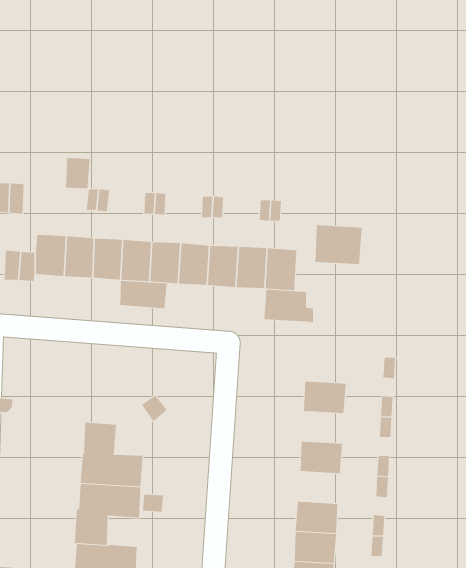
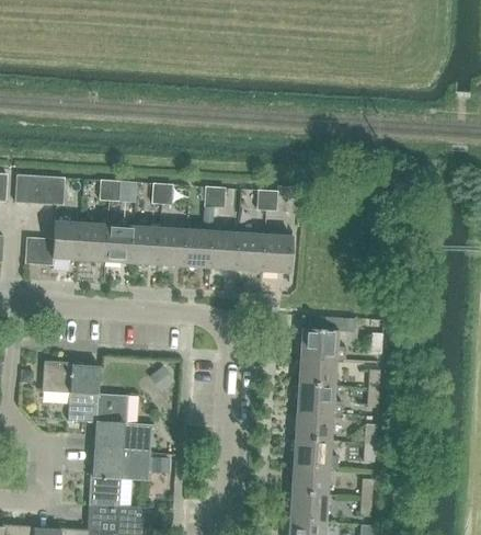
building: [65,158,91,189] -> [43,175,66,204]
building: [315,224,362,265] -> none
building: [120,280,167,309] -> none
building: [263,289,314,323] -> [299,328,345,358]
building: none -> [43,360,101,421]
building: none -> [296,383,343,413]
building: none -> [293,437,339,468]

